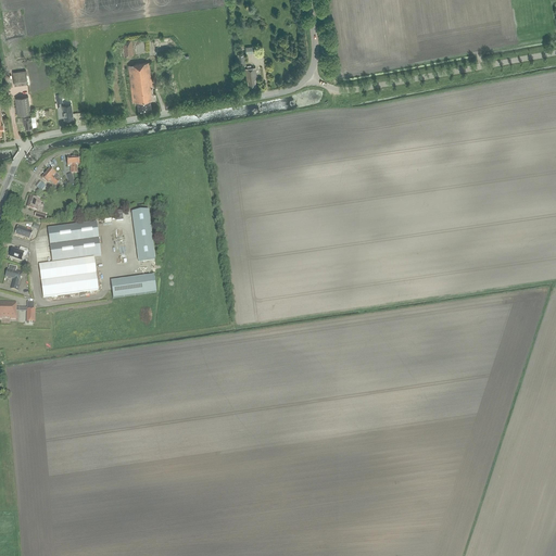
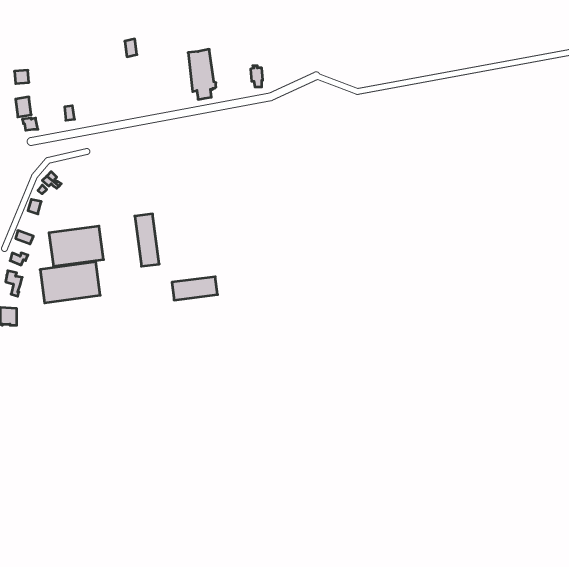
building: [128,60,155,109] -> [188,49,216,99]
building: [111,275,155,298] -> [172,277,218,300]

